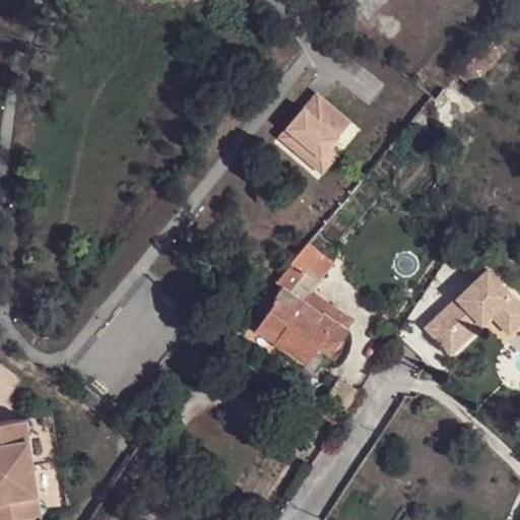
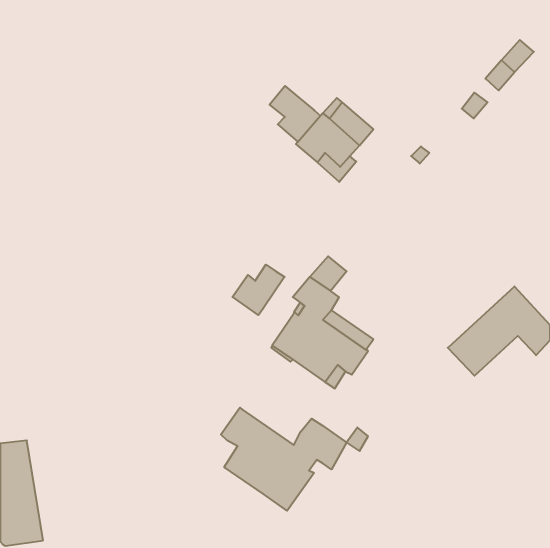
building: none -> [270,86,320,142]
building: none -> [232,265,285,315]
building: none -> [221,408,347,511]

